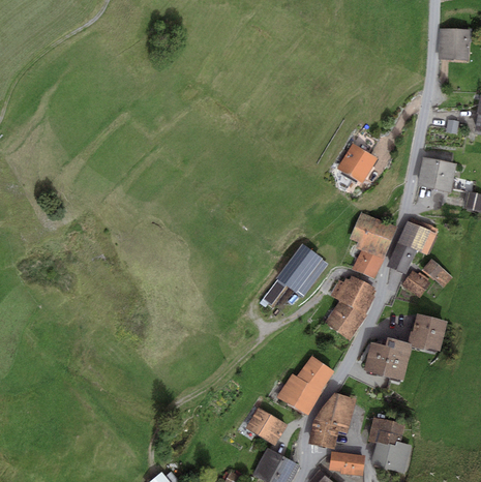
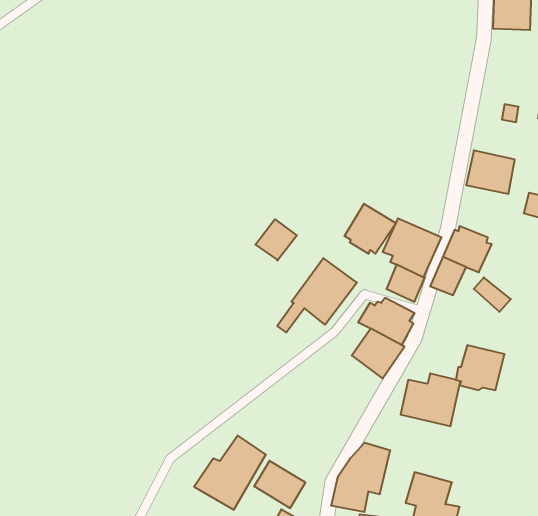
building: [337,142,379,182] -> [344,204,396,254]
building: none -> [255,219,297,261]
building: [402,269,431,296] -> none
building: [276,355,334,415] -> [194,435,266,510]

